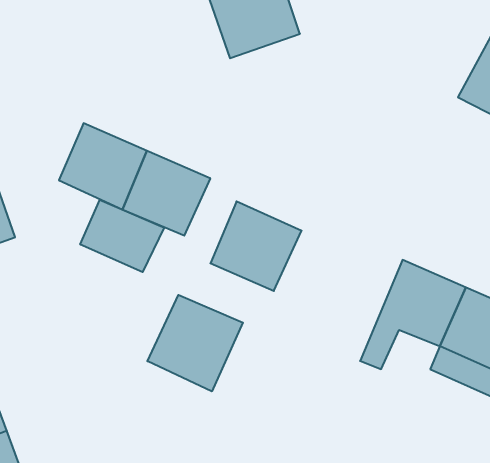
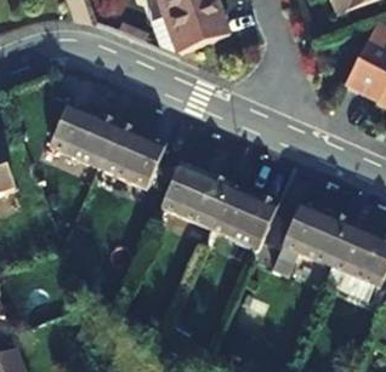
building: [80,200,164,272] -> none
building: none -> [209,183,277,248]
building: [147,295,243,391] -> none

